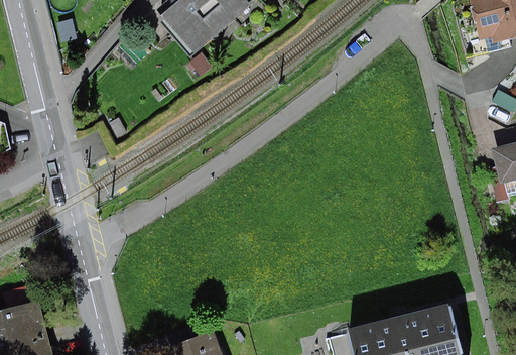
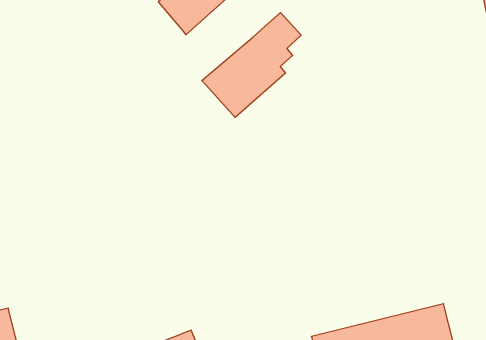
building: none -> [202,13,301,117]

